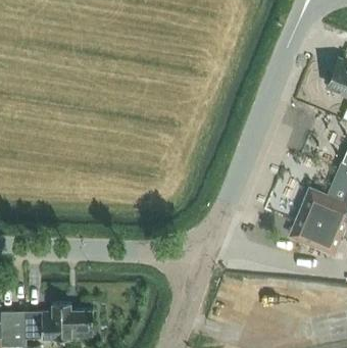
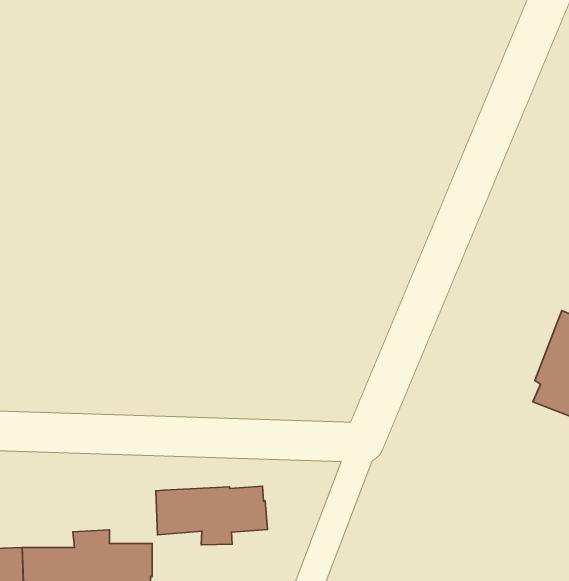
building: none -> [156,486,267,545]

